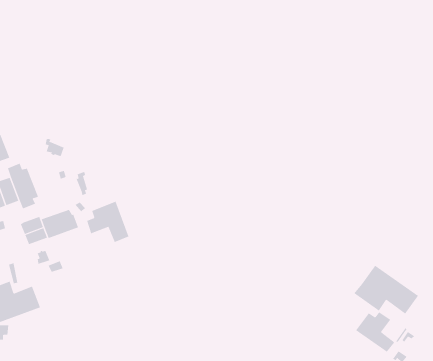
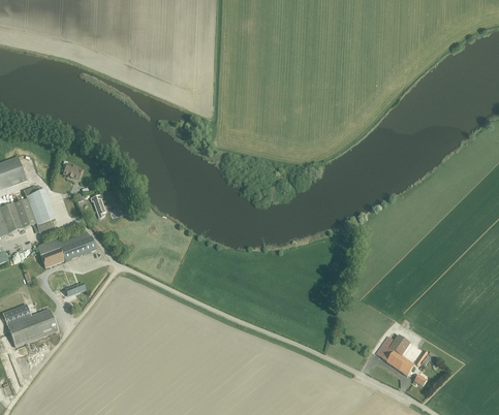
building: [86,201,129,243] -> none
building: [353,265,419,314] -> none

